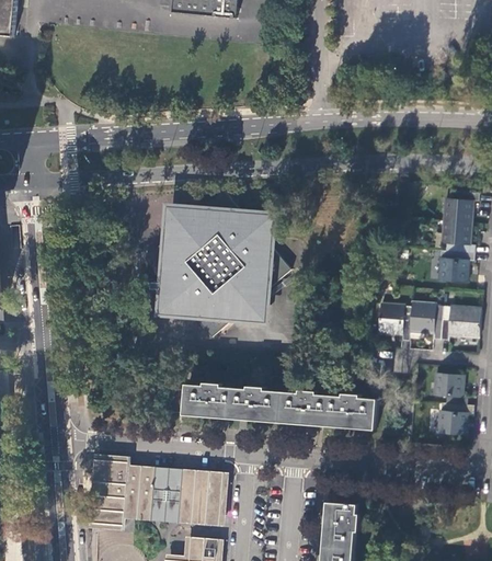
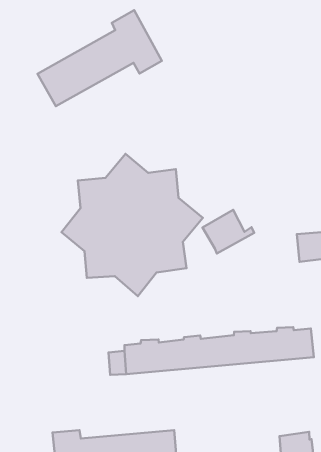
building: none -> [37,10,162,106]
building: none -> [202,210,254,253]

